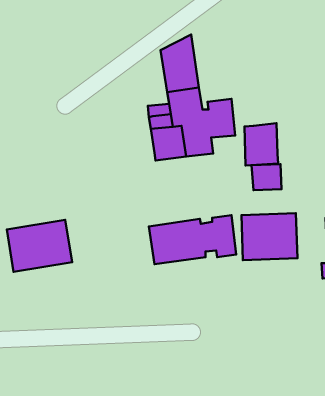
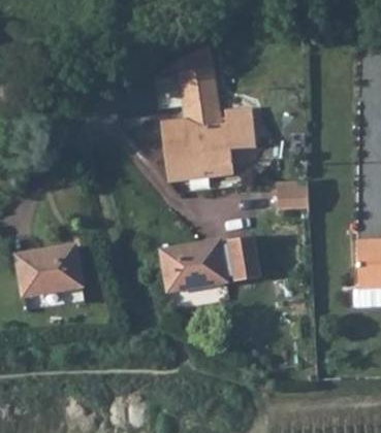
building: [244,123,278,166] -> none
building: [241,213,297,260] -> none

